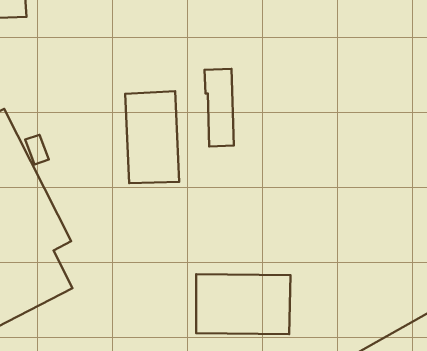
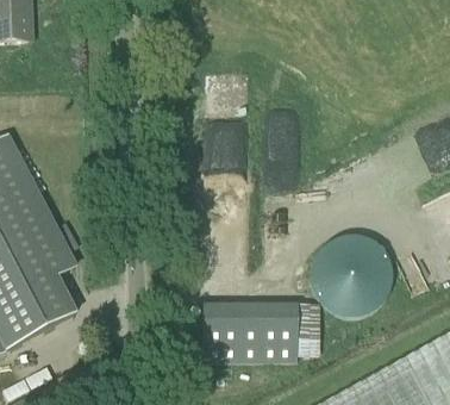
building: [125,91,179,183] -> none
building: none -> [315,237,389,311]

